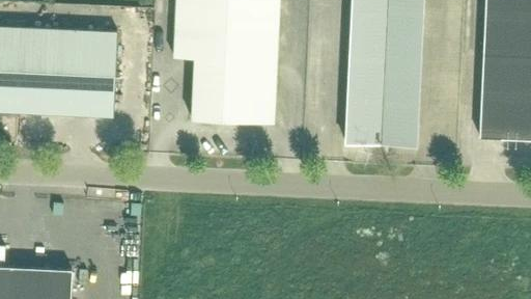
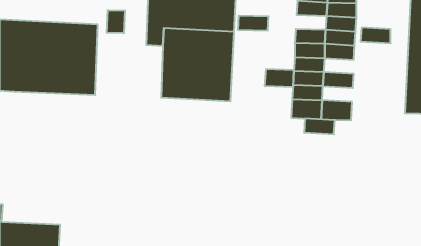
building: none -> [107,10,125,33]
building: [351,22,387,39] -> [238,16,269,31]
building: [384,73,419,91] -> [361,28,391,43]
building: none -> [265,69,293,87]
building: [382,106,418,125] -> [304,118,335,134]

